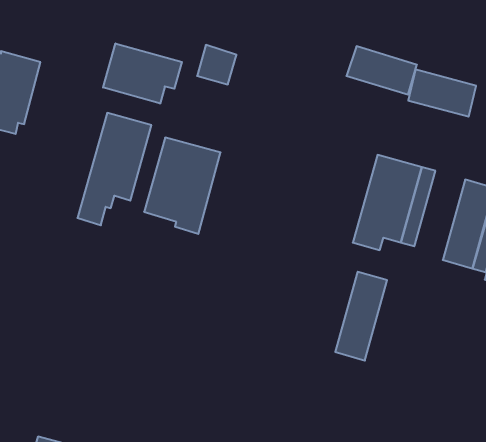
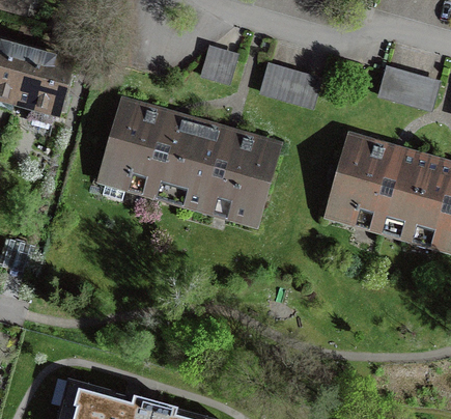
building: [103,43,182,104] -> none
building: [346,46,417,94] -> [259,65,318,106]
building: none -> [215,135,271,220]
building: [335,272,387,361] -> [383,153,426,228]

